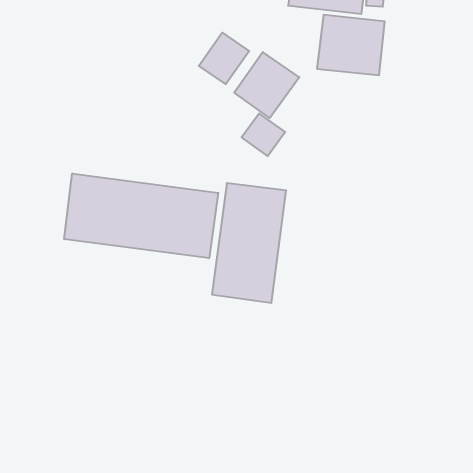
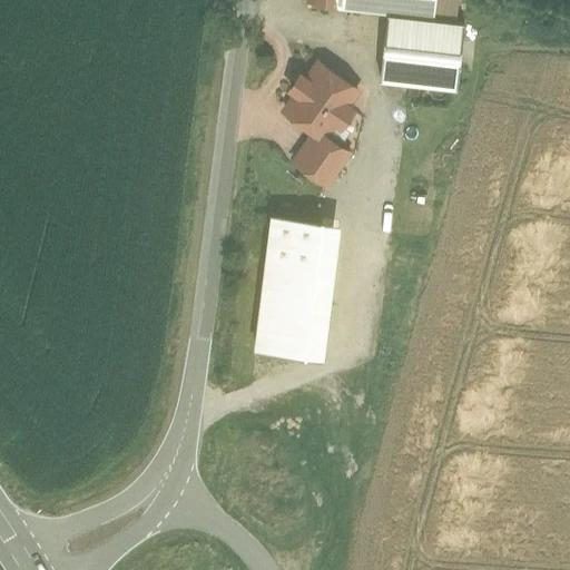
building: [199,33,249,84] -> none
building: [64,173,218,258] -> none

